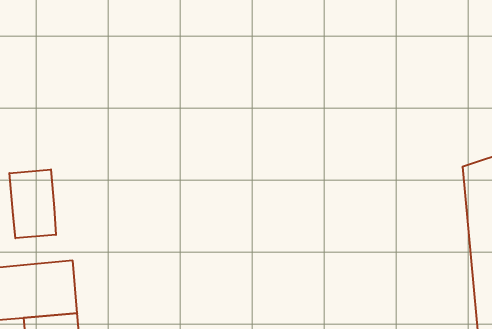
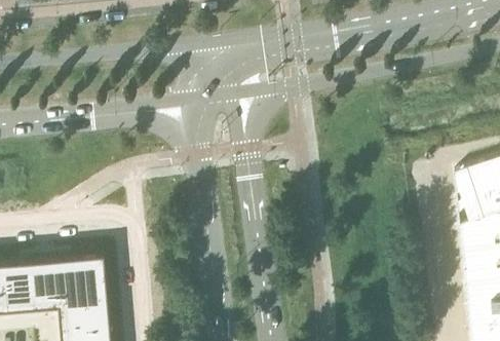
building: [9,169,56,238] -> none

